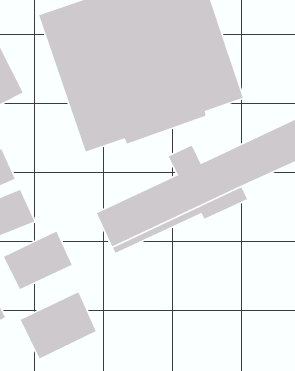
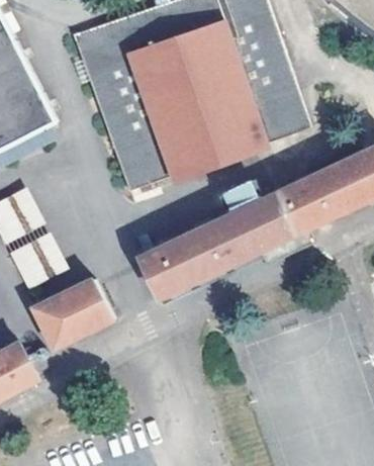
building: [20,291,97,360] -> none

